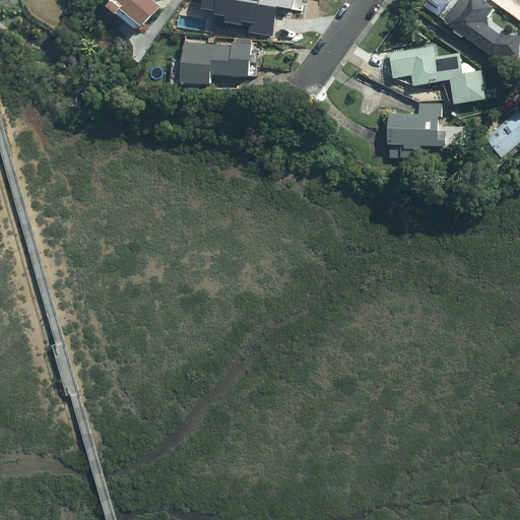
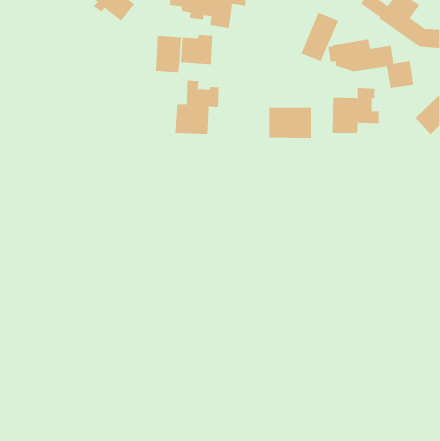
building: none -> [301,12,339,62]
building: none -> [175,80,219,135]
building: none -> [269,107,312,139]

